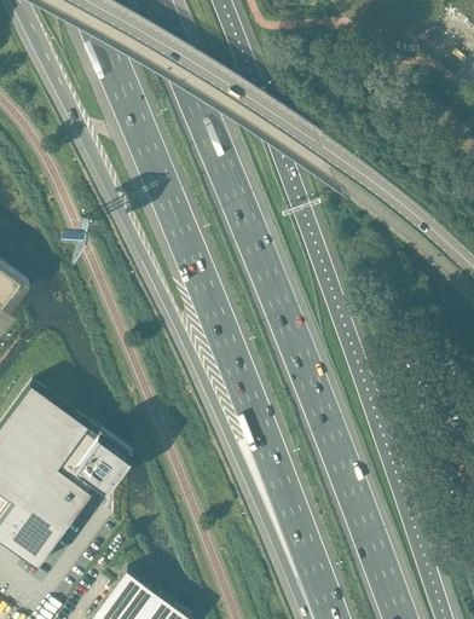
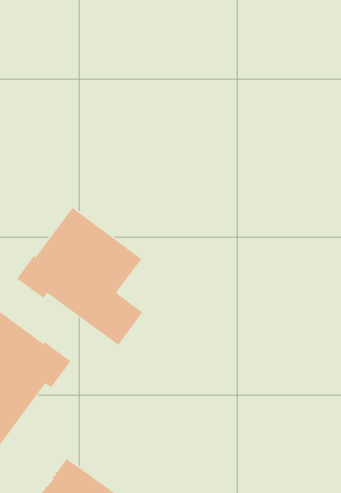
building: none -> [16,207,143,346]

